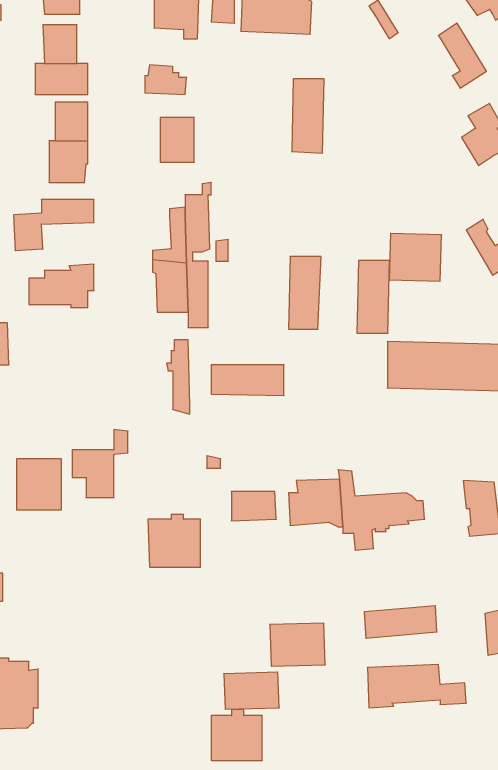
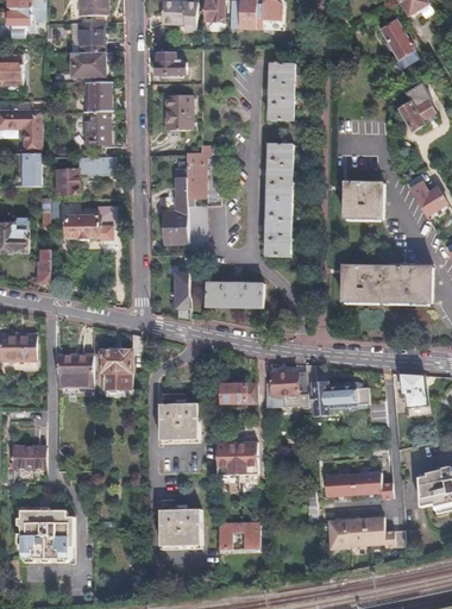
building: [357,261,389,333] -> [266,144,291,200]
building: [270,623,325,666] -> [214,444,257,477]
building: [211,709,262,760] -> [159,504,199,544]

